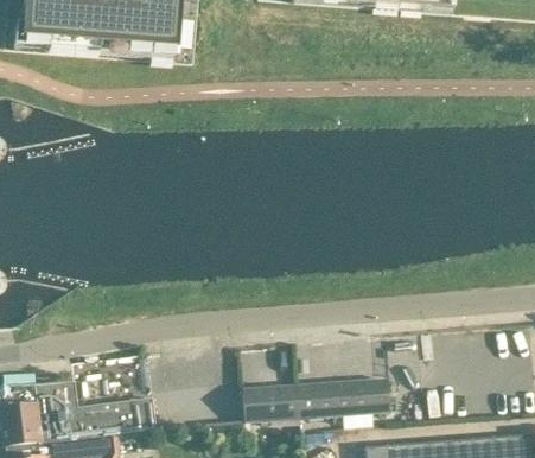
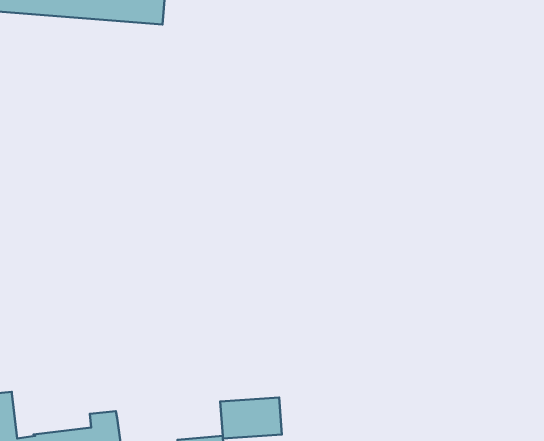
building: [294,375,390,414] -> none

